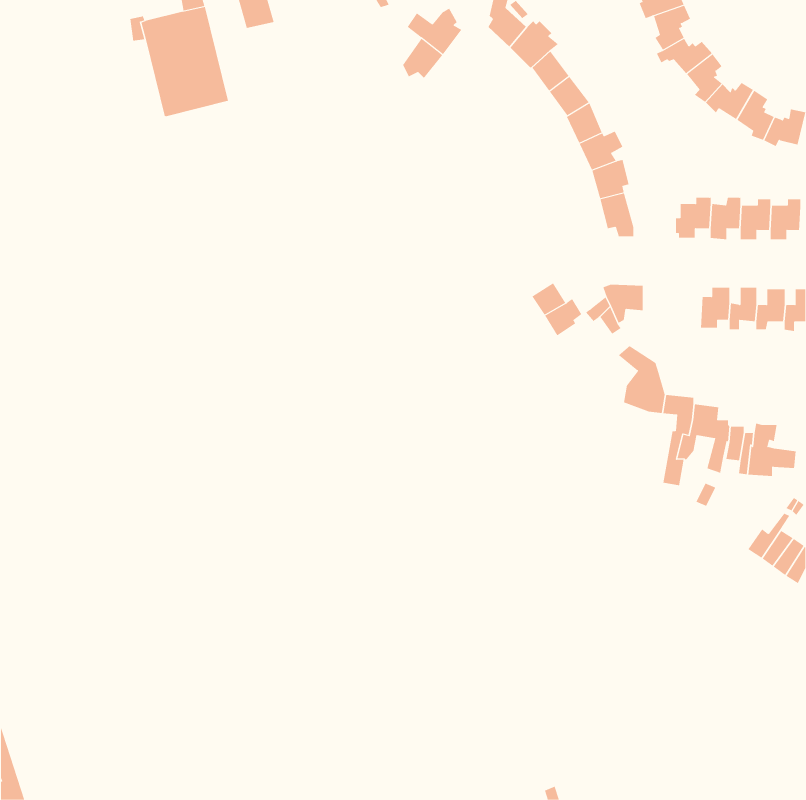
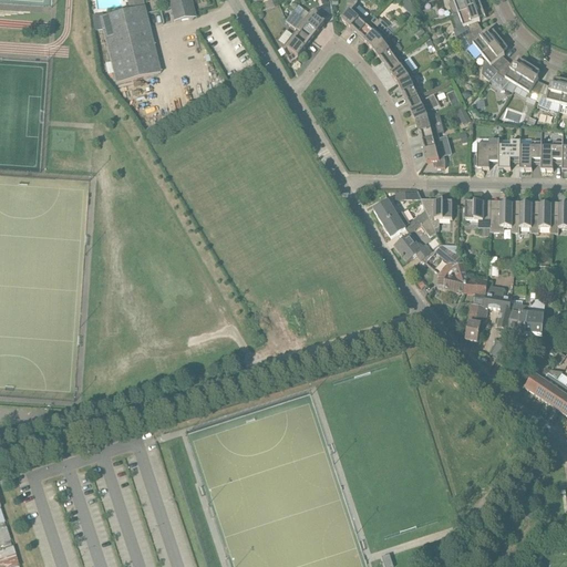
building: none -> [465,200,493,234]
building: none -> [393,230,433,260]

